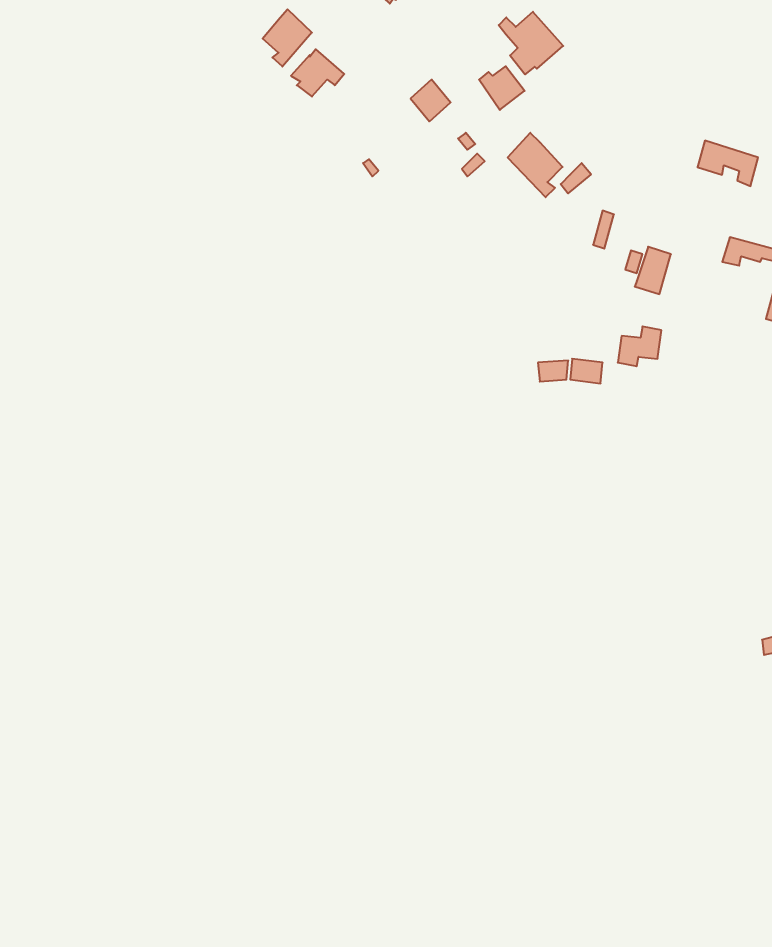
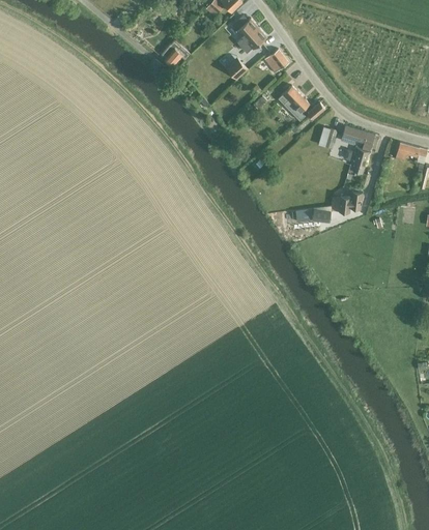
building: [263,9,312,67] -> none
building: [499,12,563,74] -> [231,18,266,52]
building: [697,141,758,186] -> [340,125,373,150]

